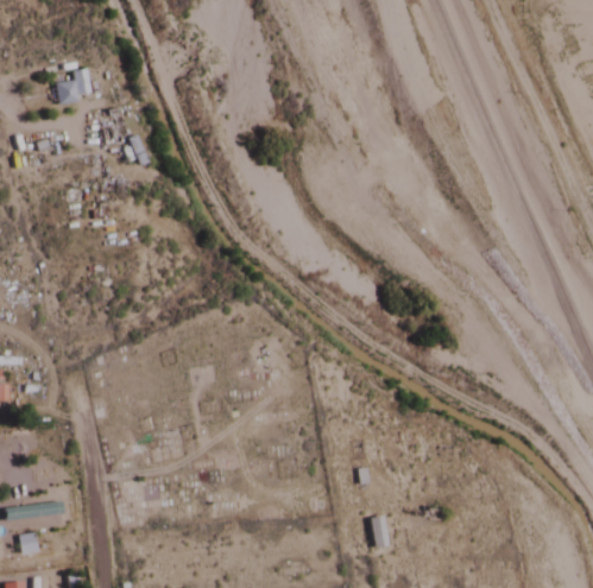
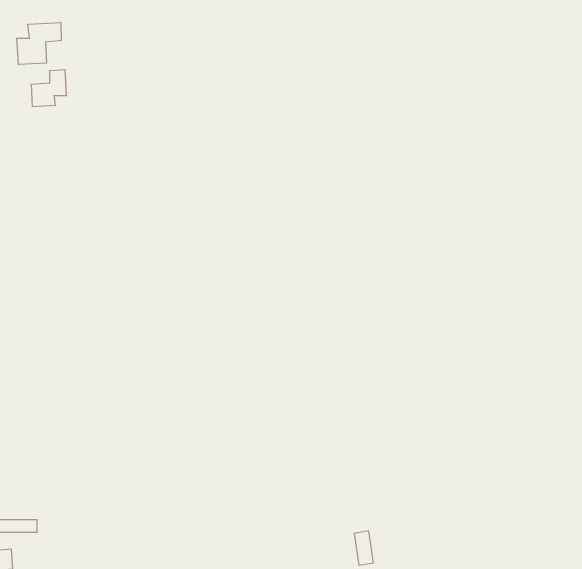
building: none -> [17,22,61,65]

